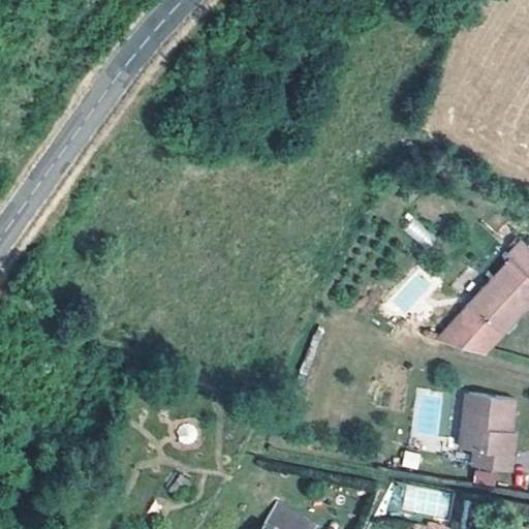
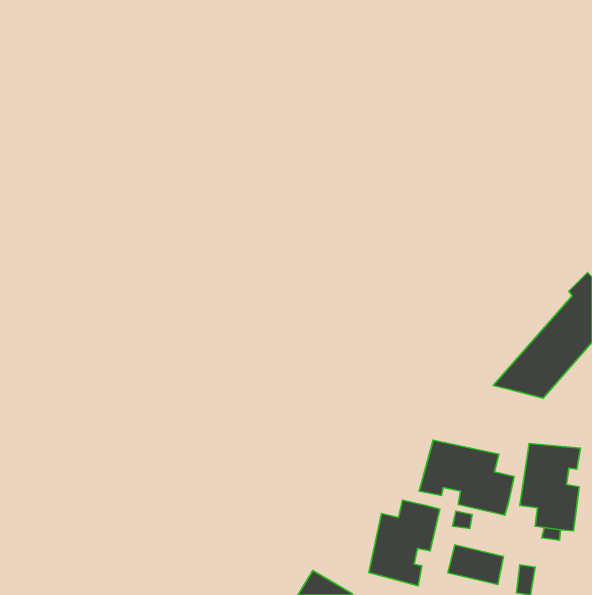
building: none -> [419,440,514,515]
building: none -> [369,500,440,586]

